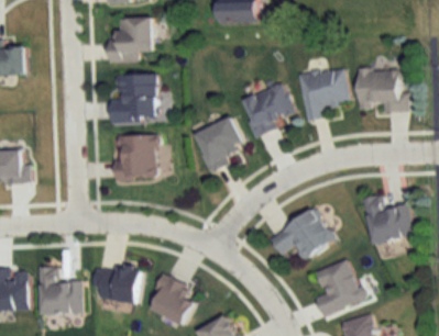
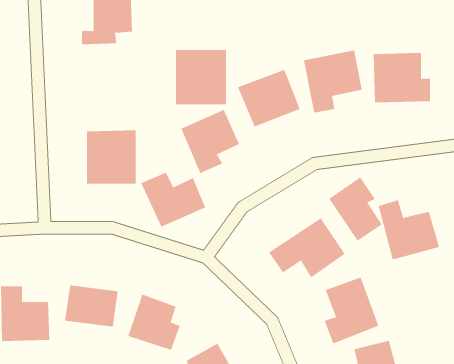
building: [111,75,155,122] -> [175,49,227,105]
building: none -> [141,172,206,227]
building: none -> [328,176,382,242]

